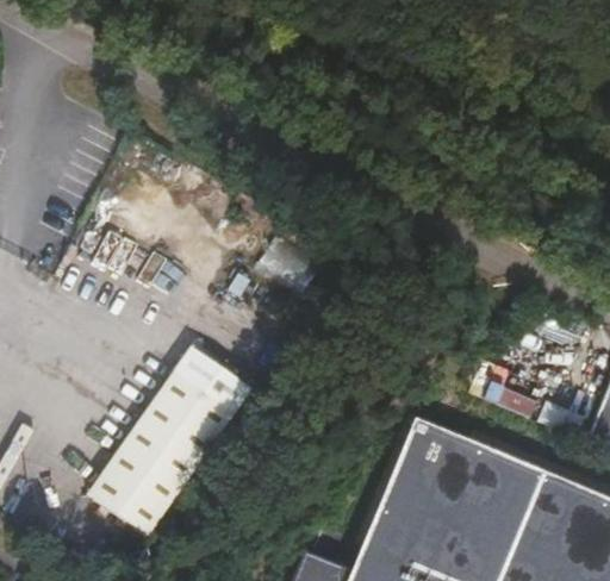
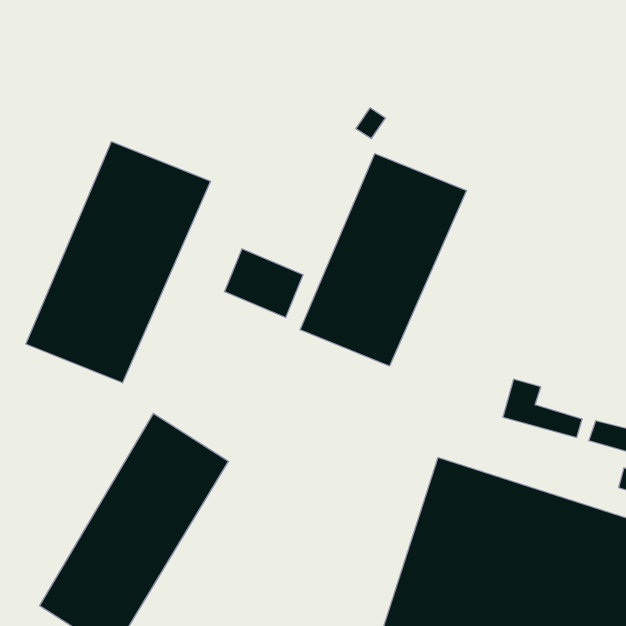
building: none -> [26,142,210,383]
building: none -> [300,154,466,366]

